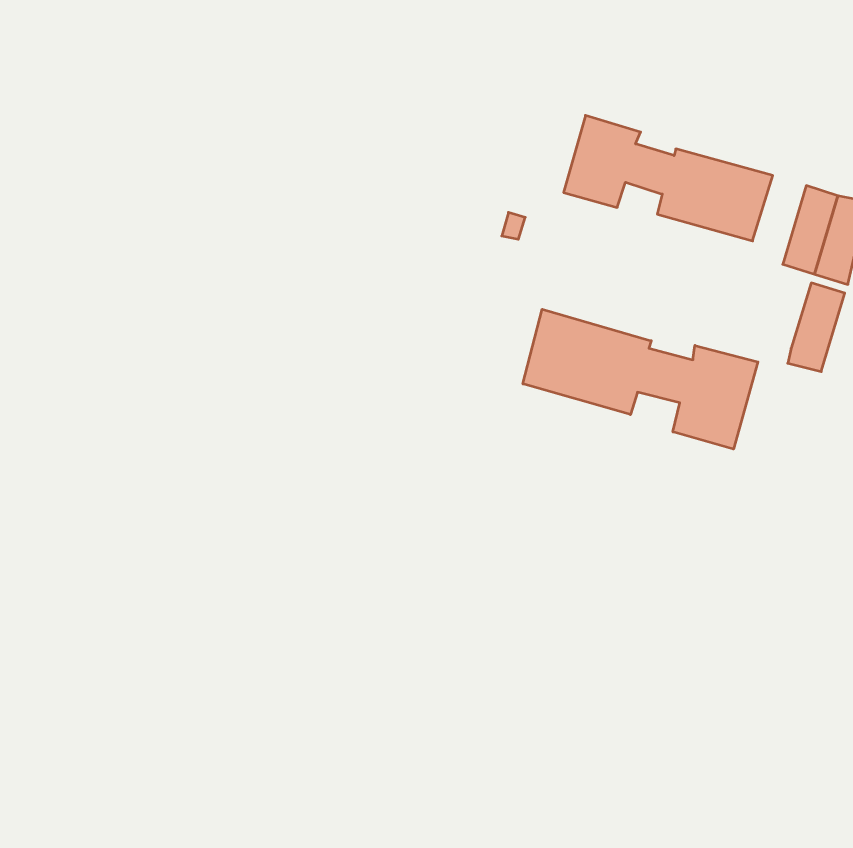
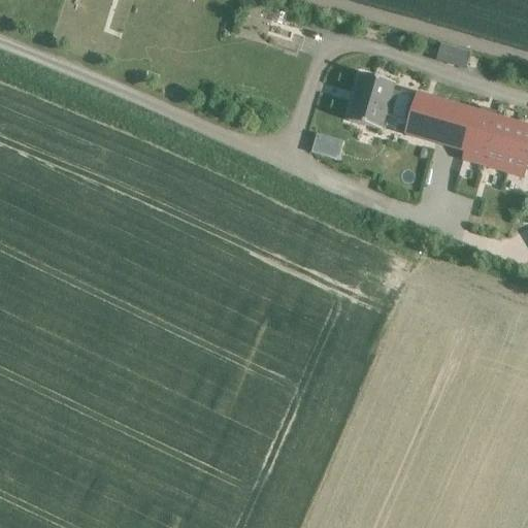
building: [788,283,845,372] -> [463,108,498,163]
building: [523,309,758,449] -> none

